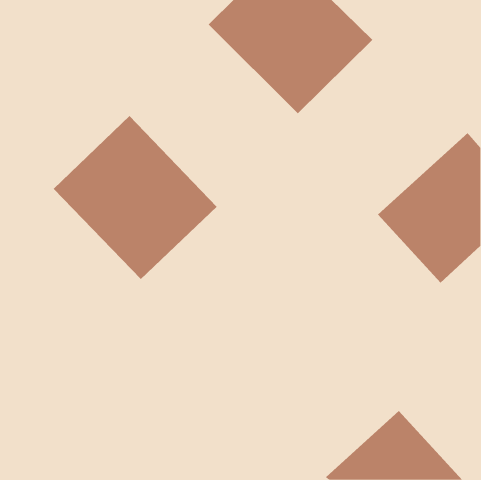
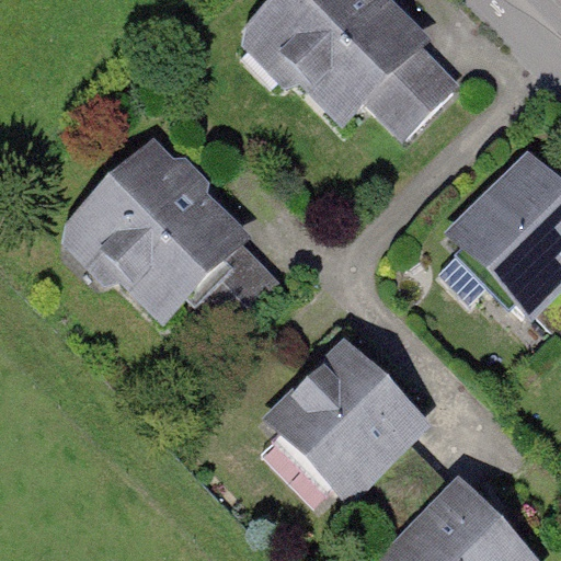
building: none -> [377,46,468,137]
building: none -> [244,335,436,526]

